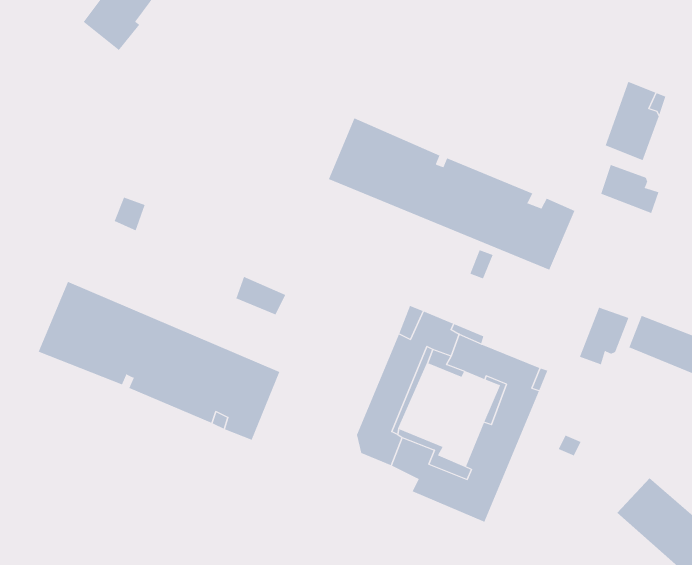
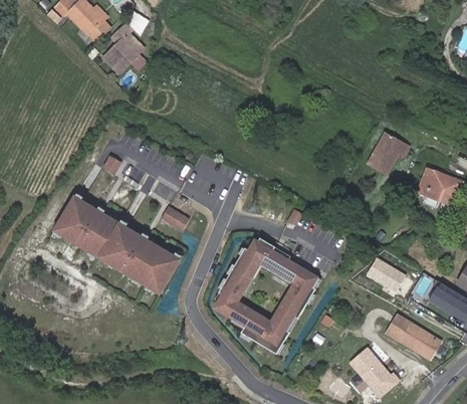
building: [328,117,575,270] -> none
building: [600,164,659,214] -> none
building: [579,307,629,365] -> none

